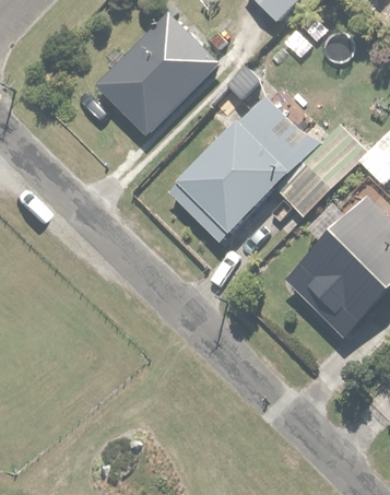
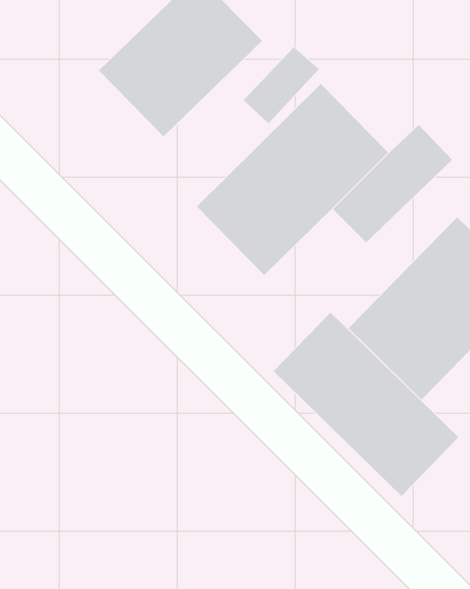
building: none -> [273,312,459,497]

